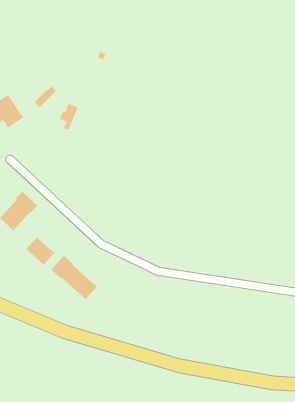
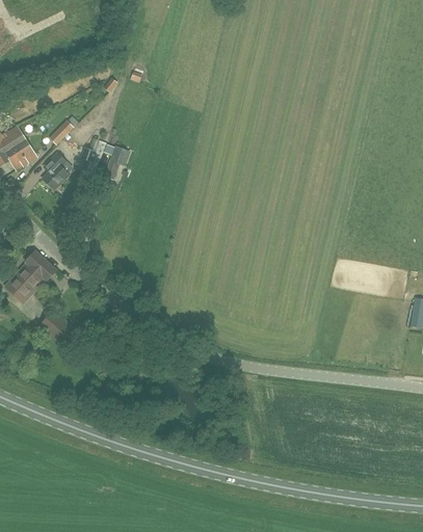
building: none -> [104,145,129,179]
building: none -> [42,152,69,189]
building: [51,255,98,300] -> none

